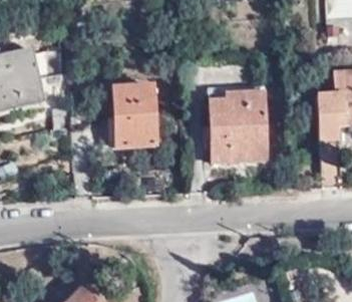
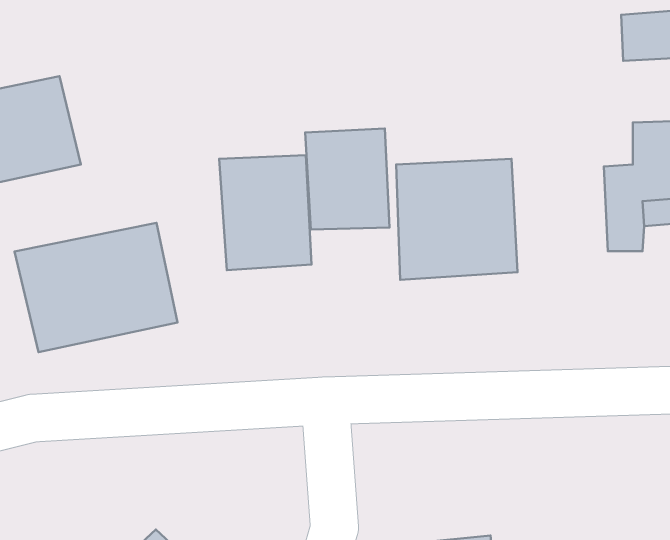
building: none -> [305,128,390,230]
building: none -> [15,223,178,352]

